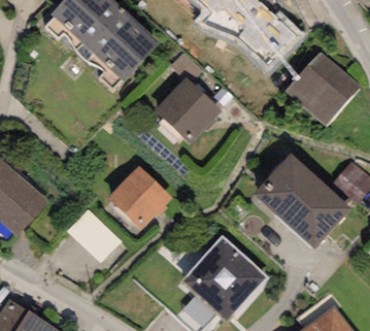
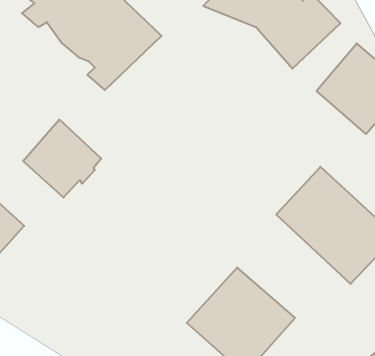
building: [155,75,223,143] -> none
building: [108,165,172,229] -> [23,120,101,198]

